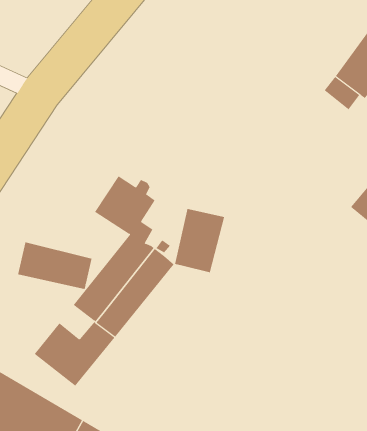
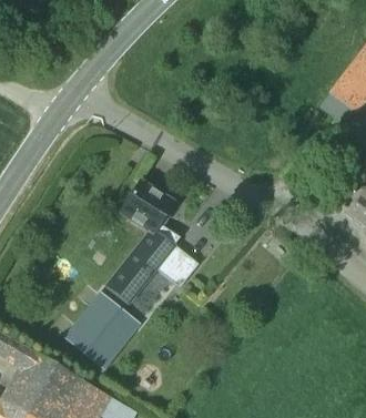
building: [174,208,225,273] -> none
building: [18,242,92,290] -> none

